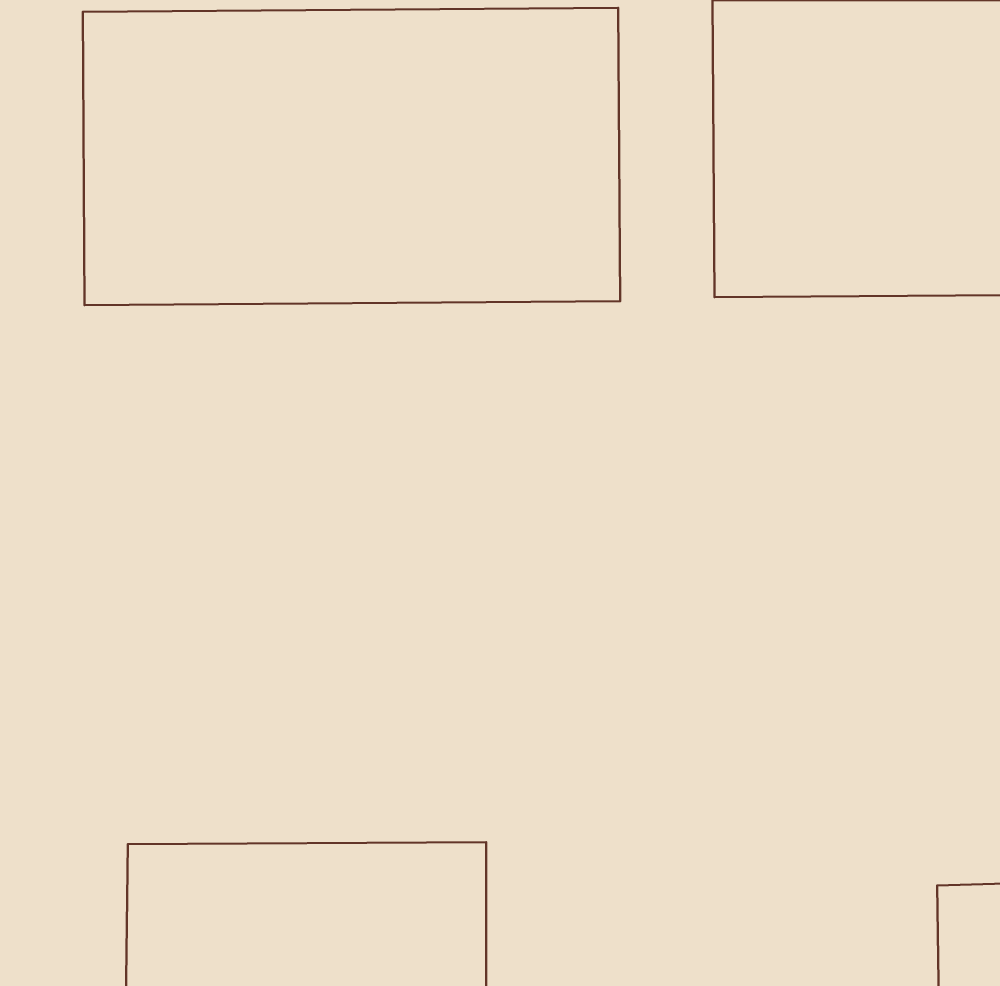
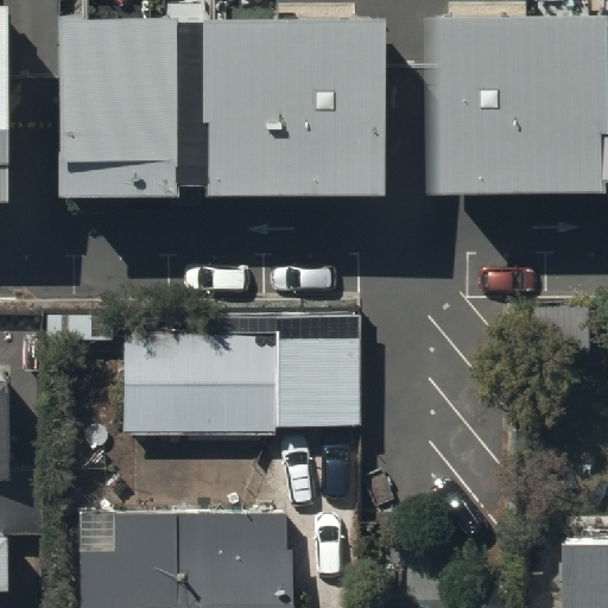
building: none -> [127,321,361,437]

